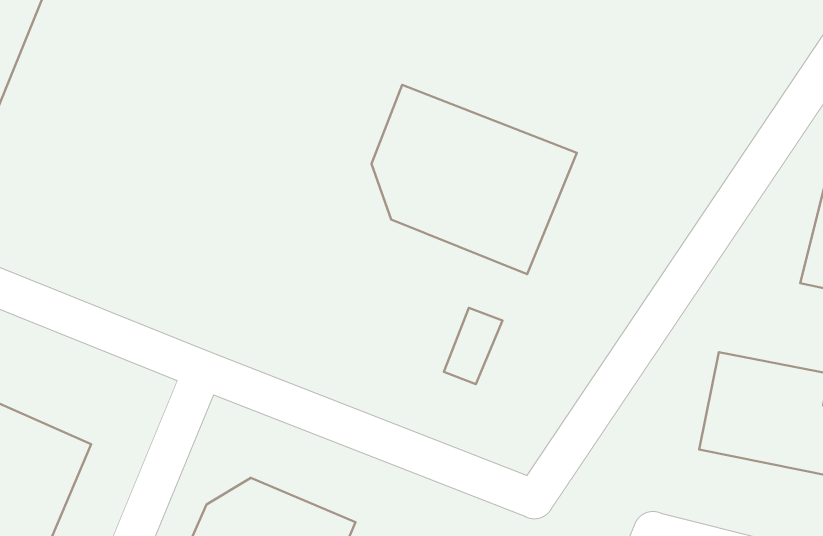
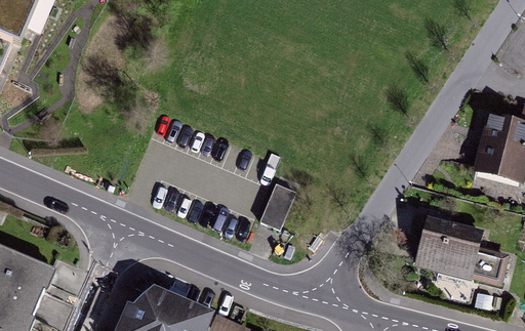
building: [372,85,577,274] -> none

